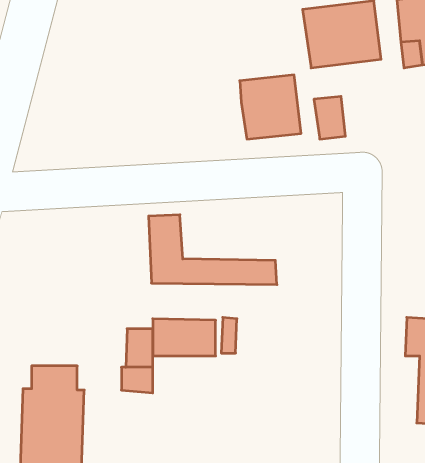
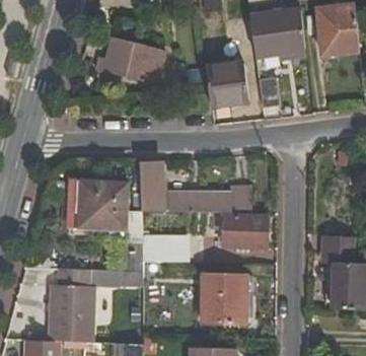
building: none -> [94,35,165,83]
building: none -> [78,181,129,229]
building: none -> [224,213,267,246]
building: none -> [202,274,246,324]

